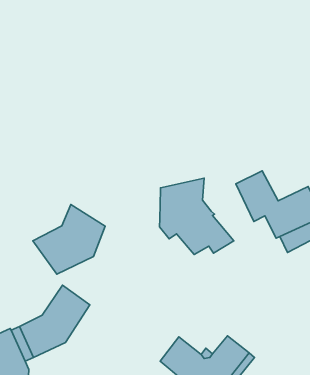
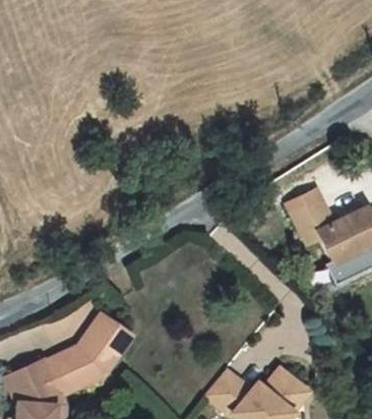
building: [160,178,234,254] -> none
building: [33,205,105,274] -> none

